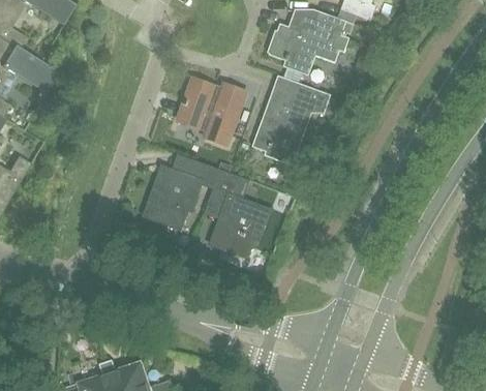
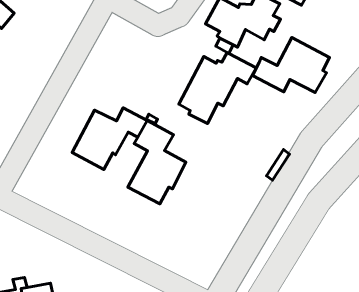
building: none -> [252,38,329,93]
building: [178,79,244,144] -> none

